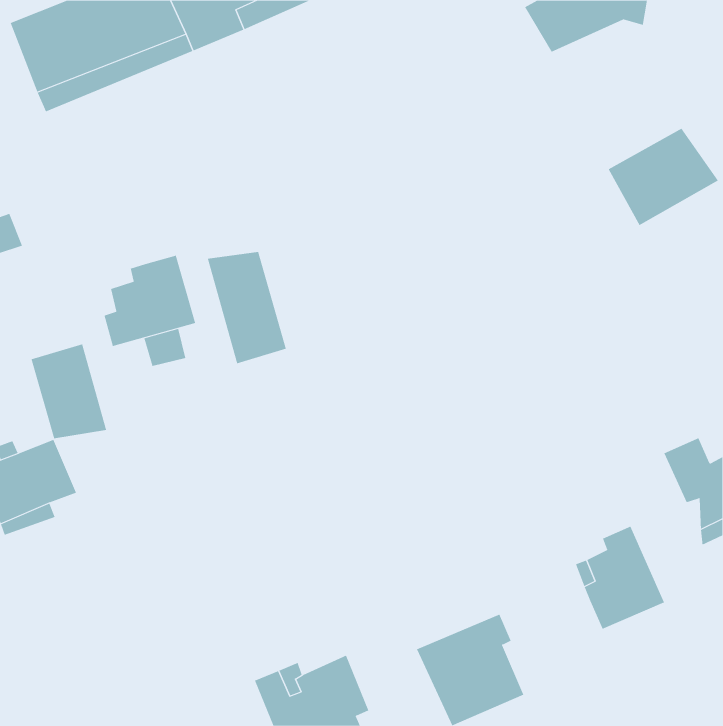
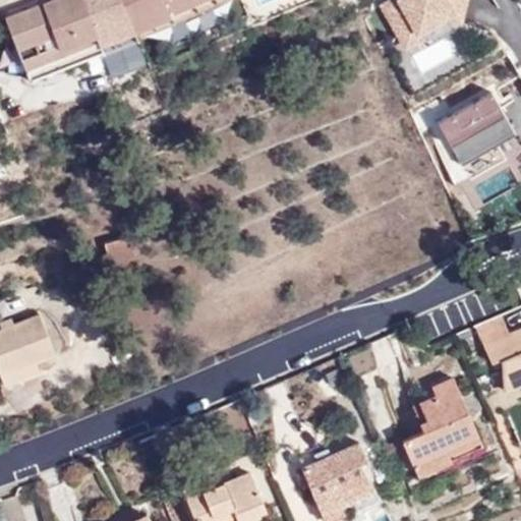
building: [207,251,287,364] -> none
building: [104,255,196,347] -> none
building: [31,343,107,439] -> none
building: none -> [403,430,481,472]

